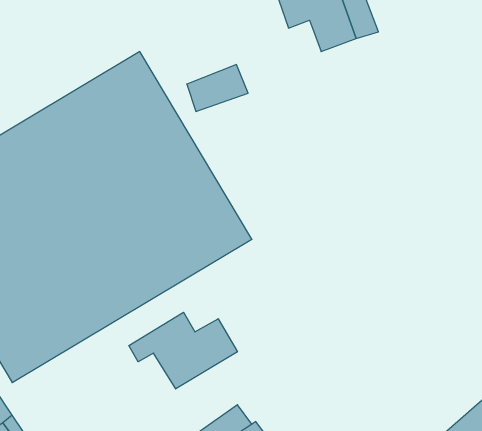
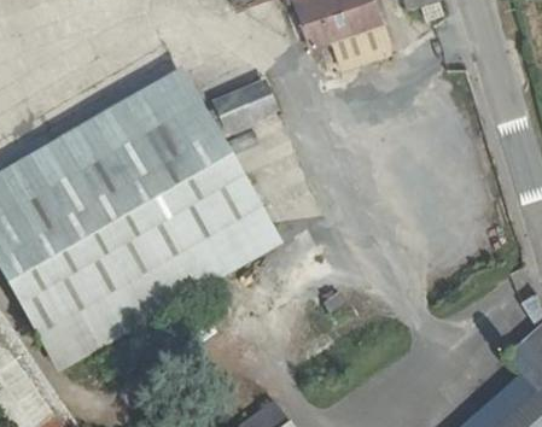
building: [129,312,237,389] -> none

